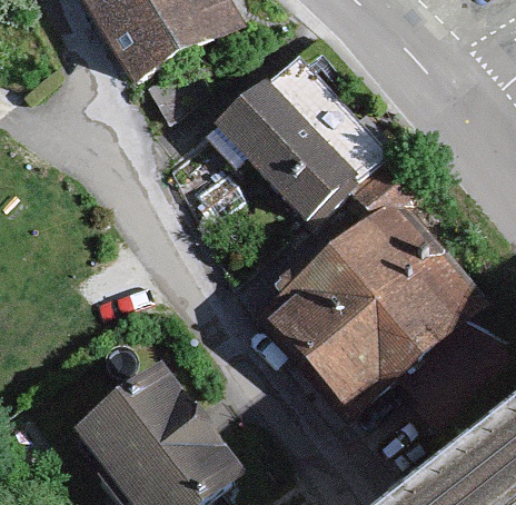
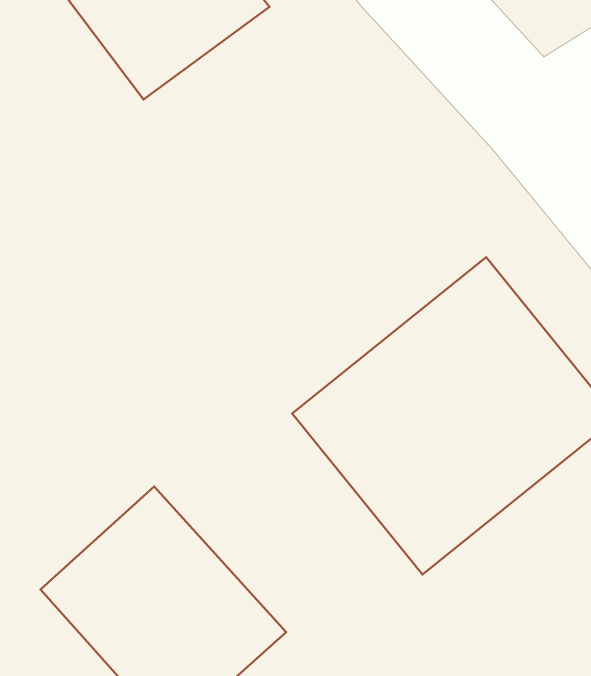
building: [209,43,394,228] -> none

